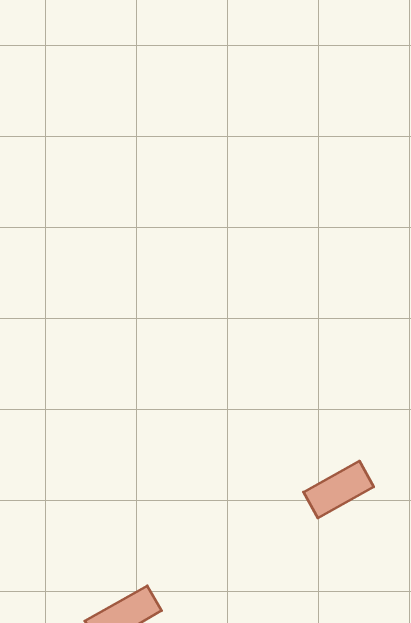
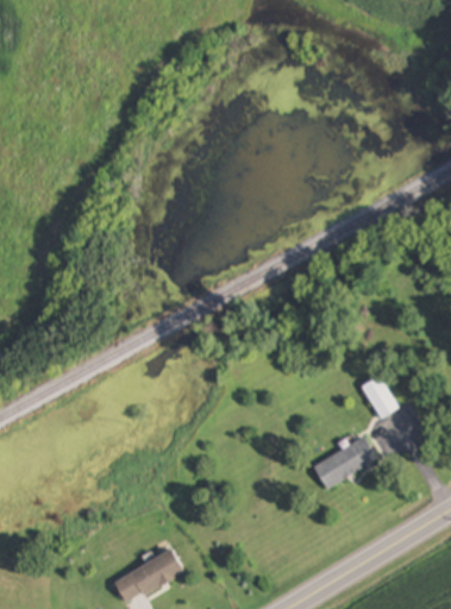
building: none -> [361,376,396,417]

